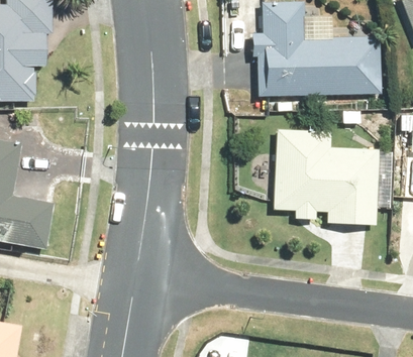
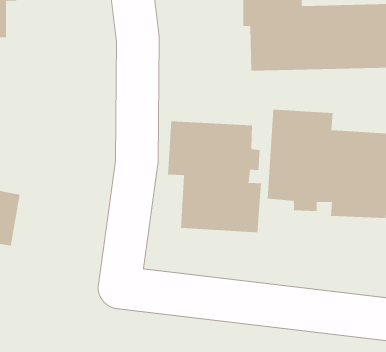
building: none -> [168,121,262,233]

